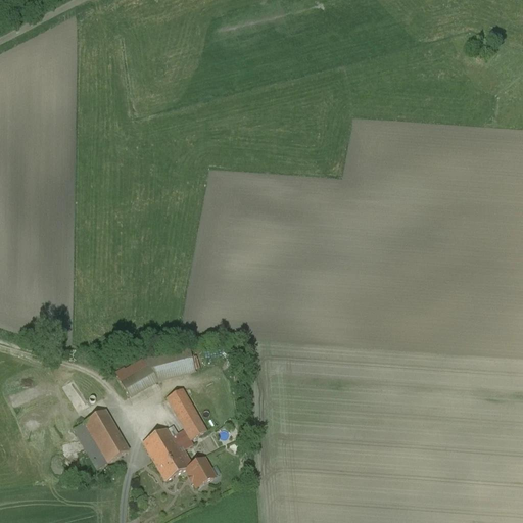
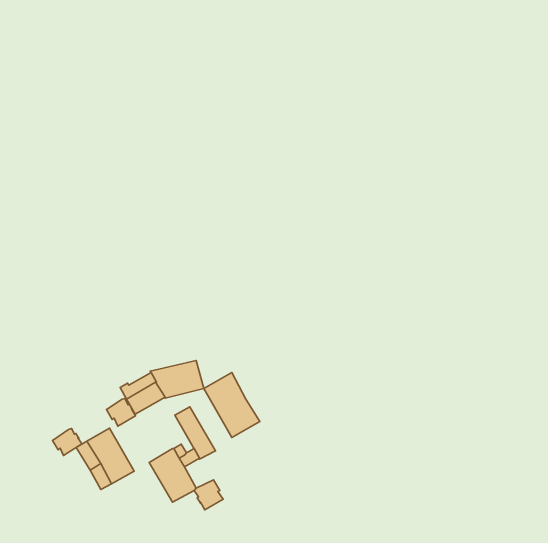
building: none -> [204,372,260,438]
building: none -> [107,398,136,426]
building: none -> [53,428,82,455]

